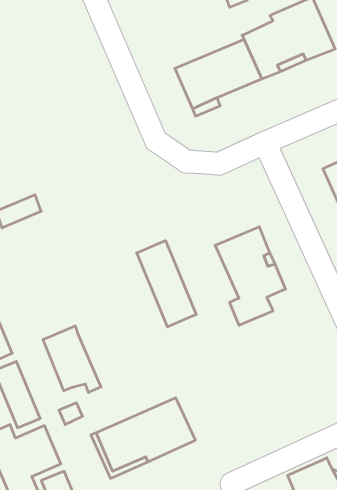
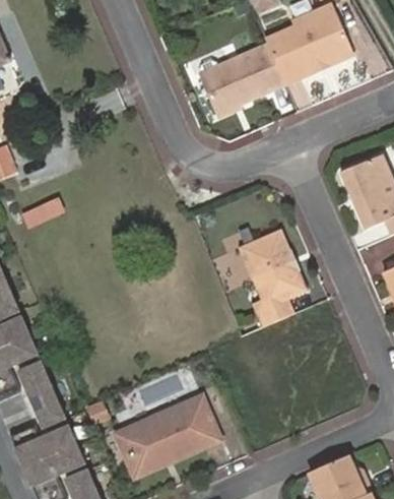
building: [137,241,196,327] -> none
building: [43,326,101,393] -> none

